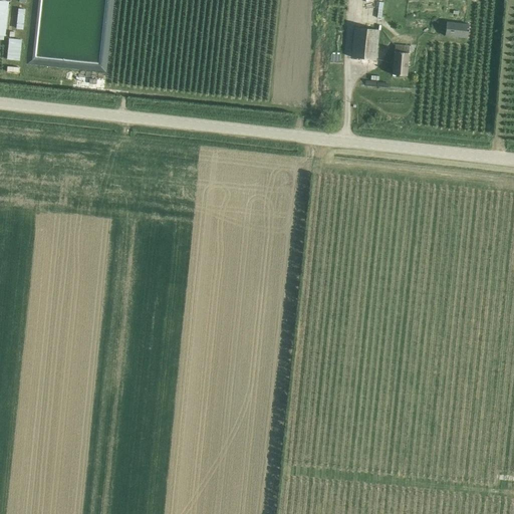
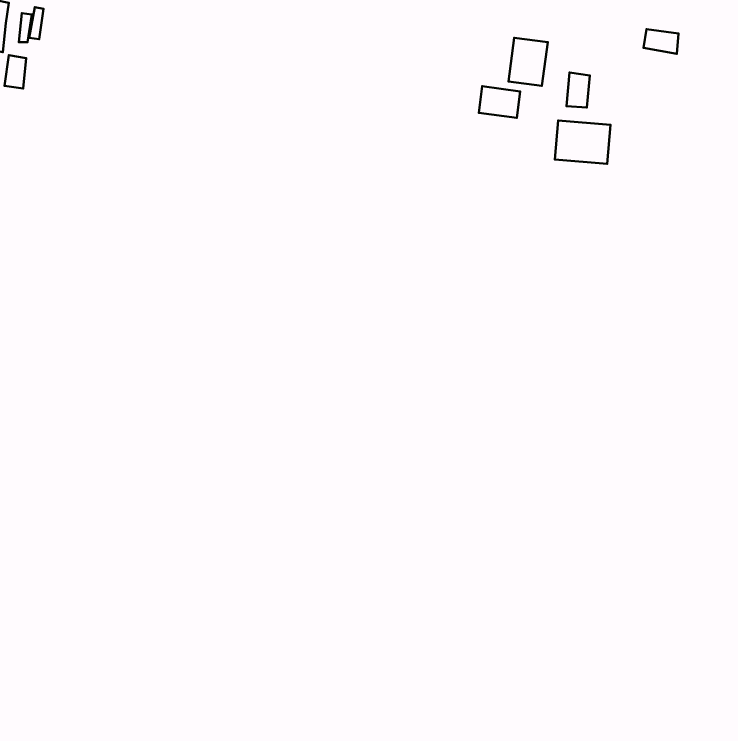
building: none -> [479,86,520,118]
building: none -> [555,120,611,164]

